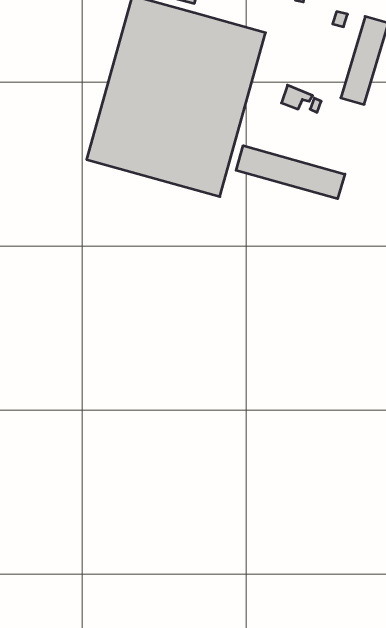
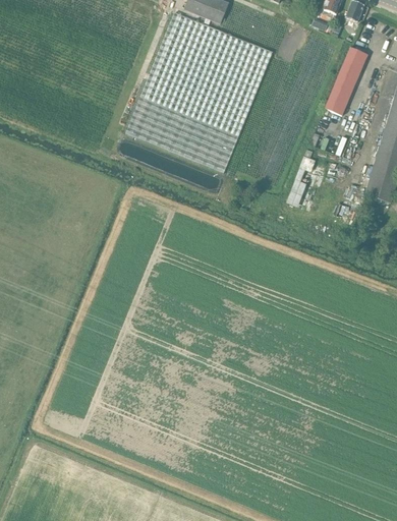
building: [236,146,345,199] -> none

